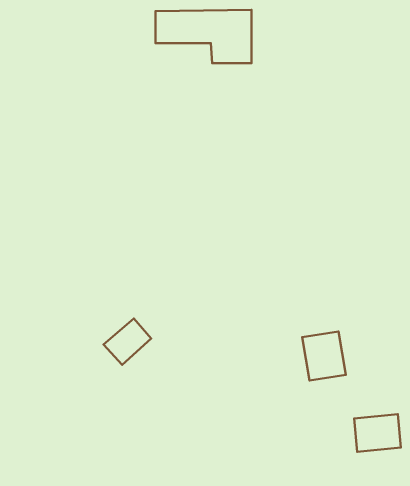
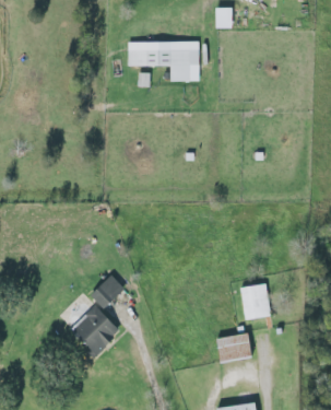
building: none -> [69,305,120,356]
building: [354,414,401,452] -> [215,333,250,362]

